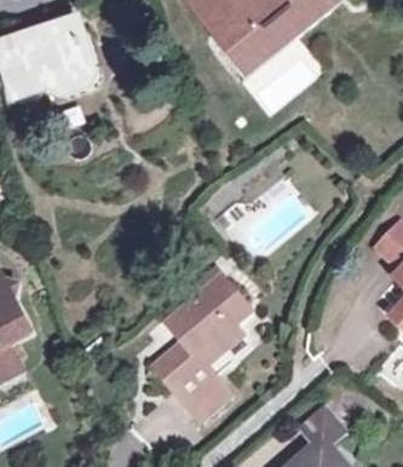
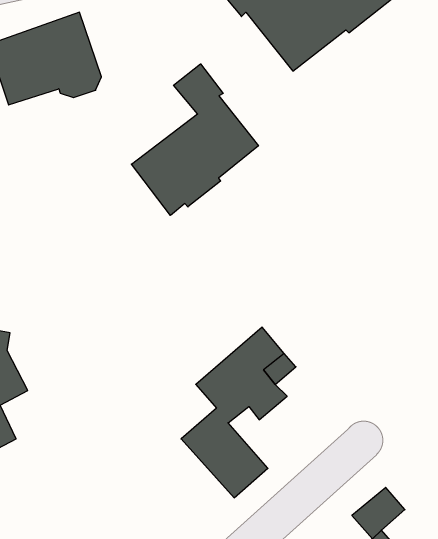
building: none -> [131,64,258,215]

